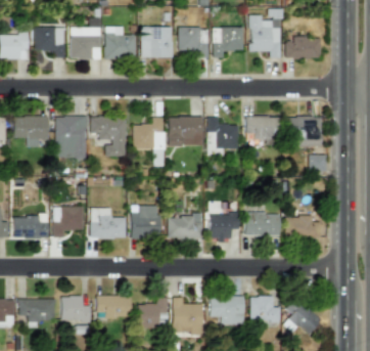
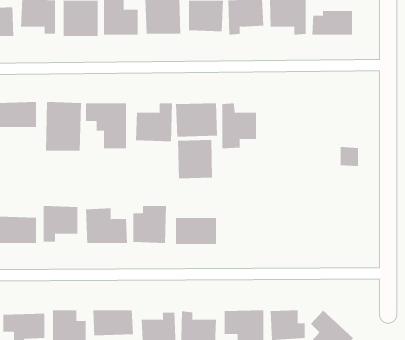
building: [245,117,279,143] -> none
building: [289,117,322,147] -> none
building: none -> [178,139,213,179]
building: [211,213,239,239] -> none
building: [245,213,280,236] -> none
building: [284,216,321,237] -> none

